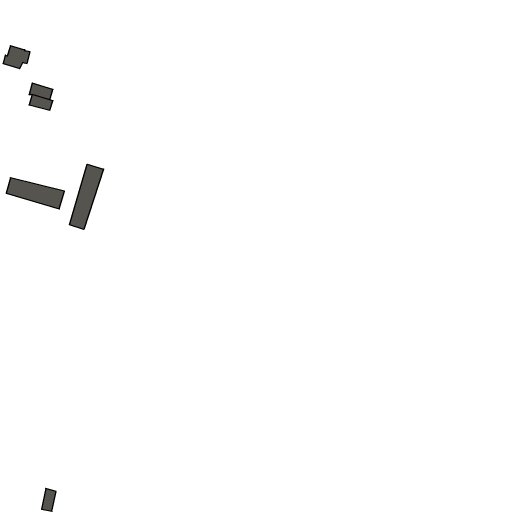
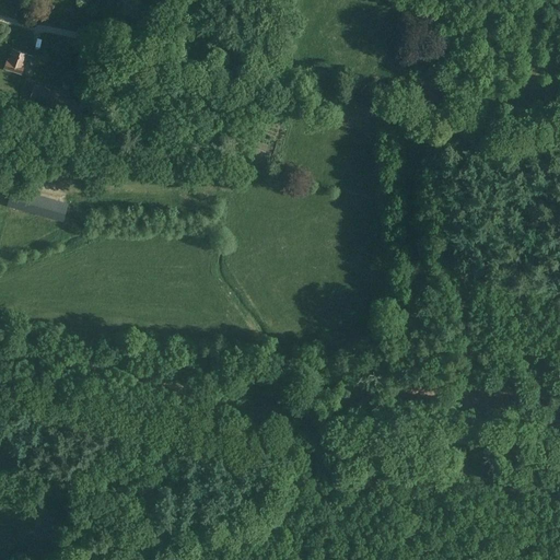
building: [69,164,104,229] -> none

